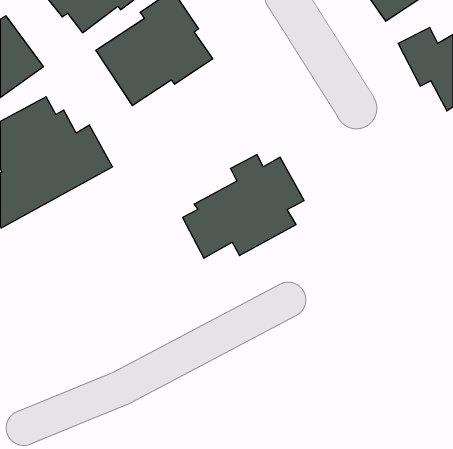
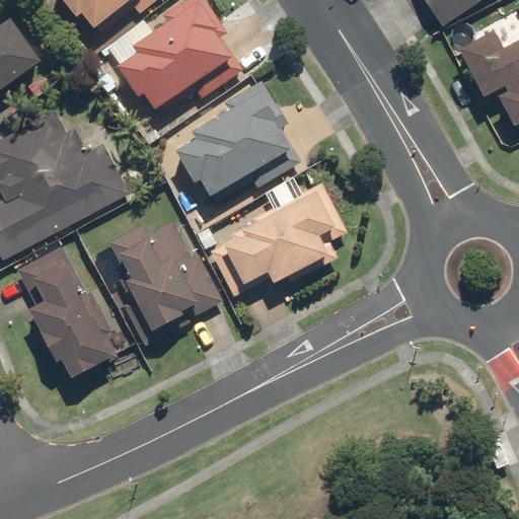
building: none -> [172,78,306,204]
building: none -> [107,217,225,346]
building: none -> [15,244,118,380]

